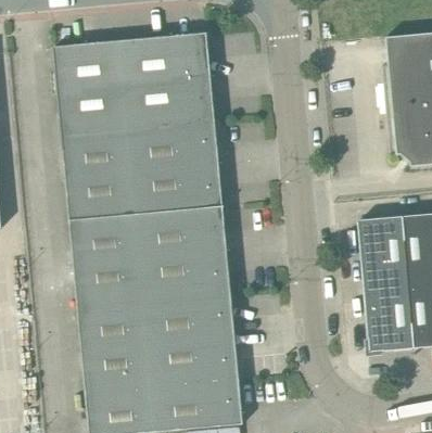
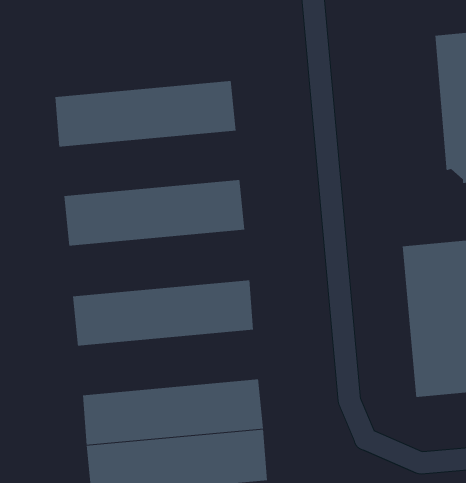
building: [52,31,209,90] -> none
building: [60,119,217,176] -> none
building: [68,205,226,263] -> none
building: [76,292,233,348] -> none

